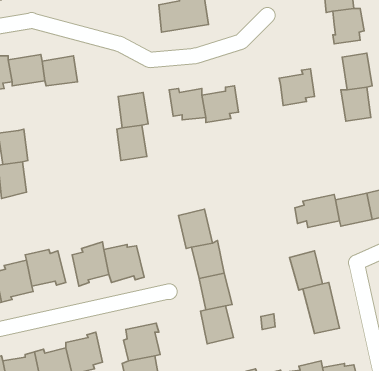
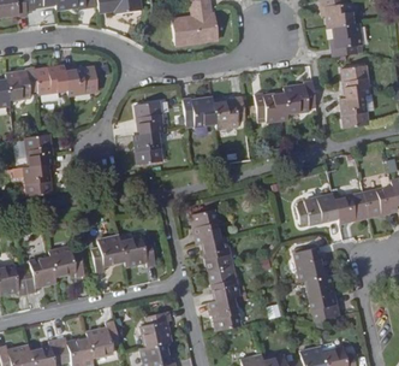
building: none -> [255,89,288,118]

